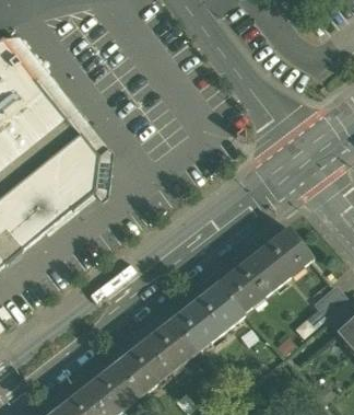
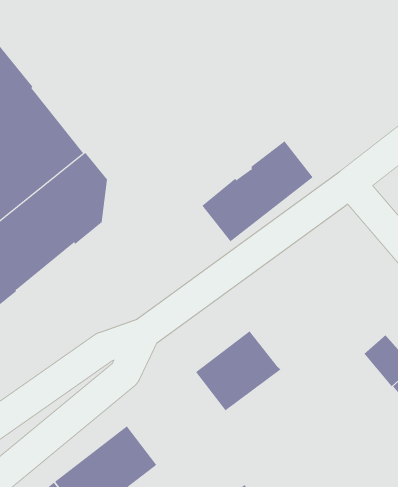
building: [219,228,312,313] -> [201,141,314,242]
building: [116,318,198,395] -> none

